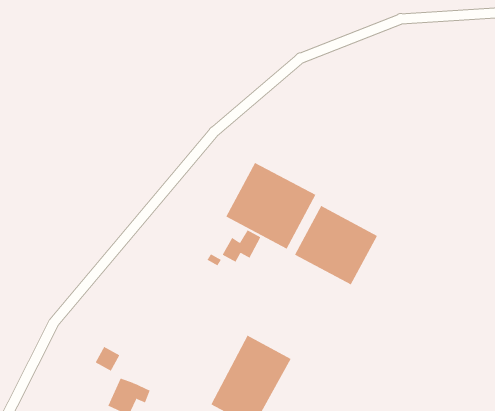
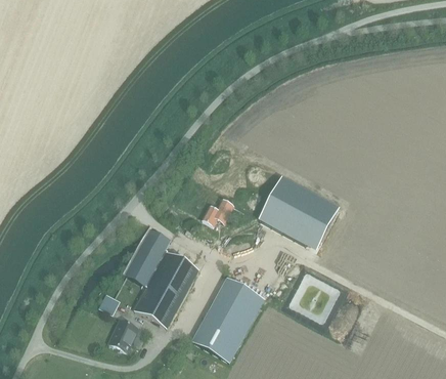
building: [225,162,316,249] -> none
building: none -> [127,227,197,326]

